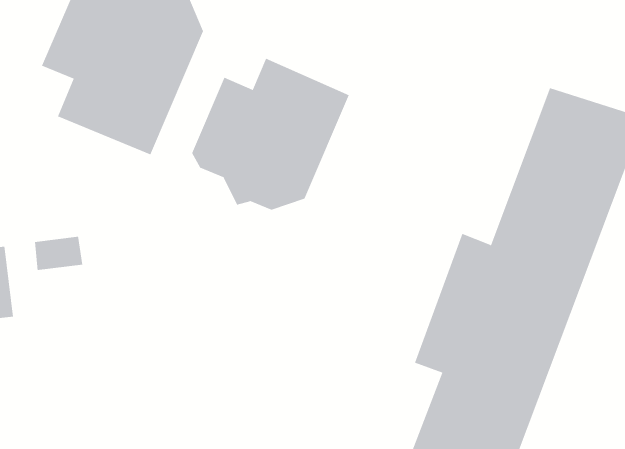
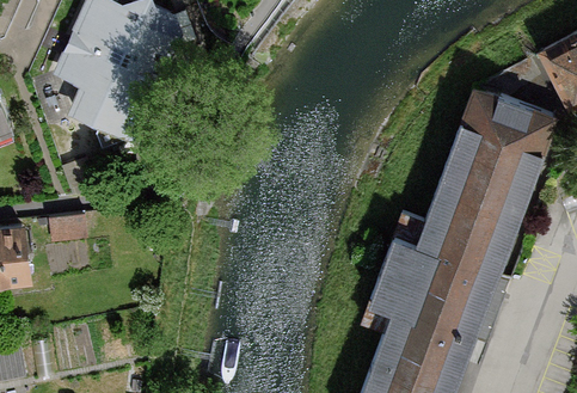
building: [192,58,349,210] -> none

